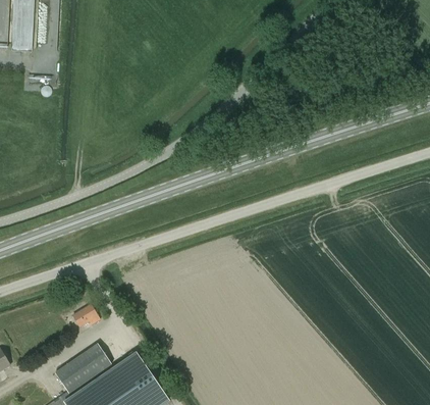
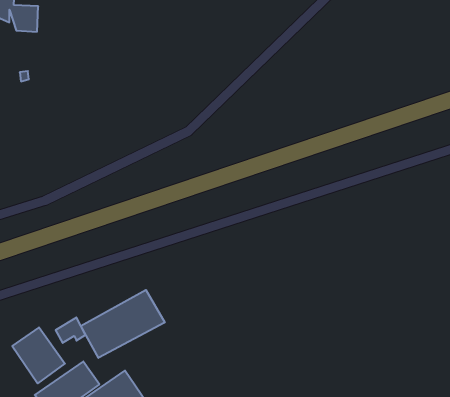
building: none -> [81,290,165,358]
building: none -> [12,327,65,383]

